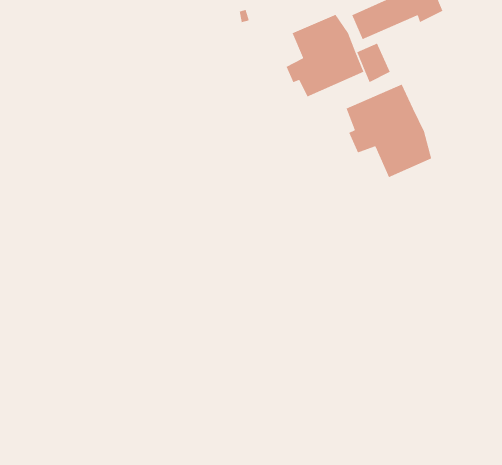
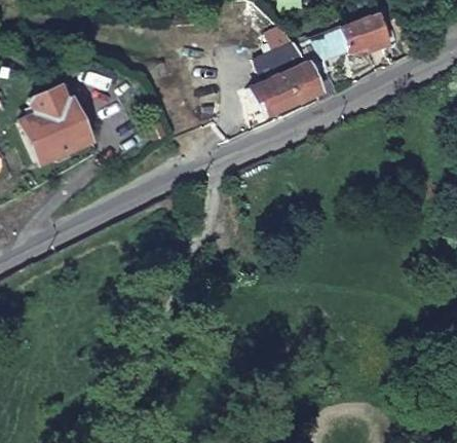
building: none -> [23,85,90,162]
building: [345,83,432,178] -> none

